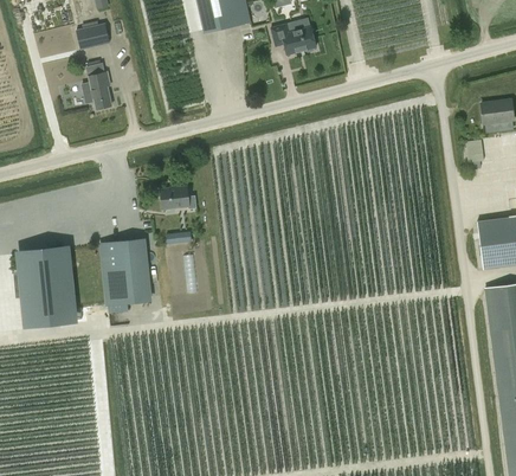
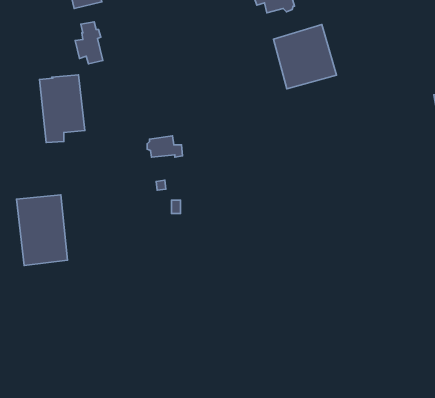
building: none -> [274,24,337,89]
building: [101,239,149,311] -> [40,75,85,143]

